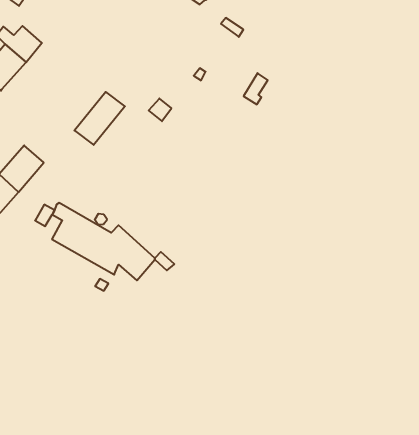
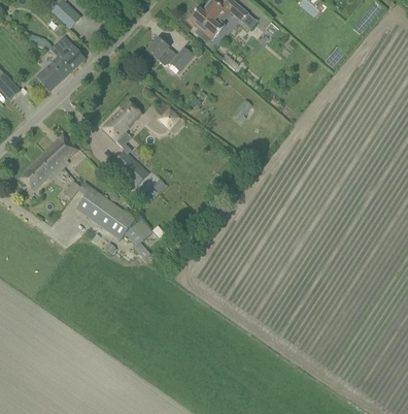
building: none -> [146,37,194,71]
building: none -> [113,150,148,185]

